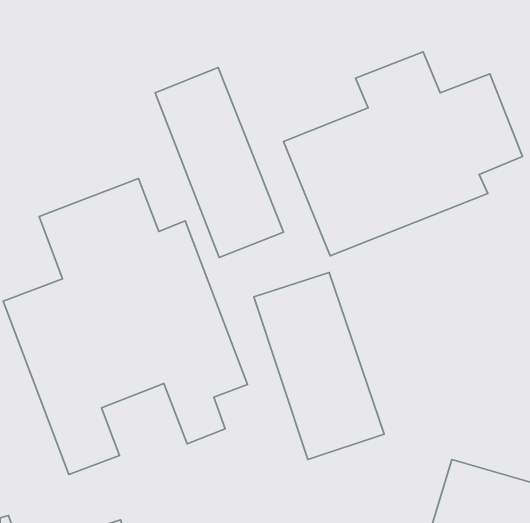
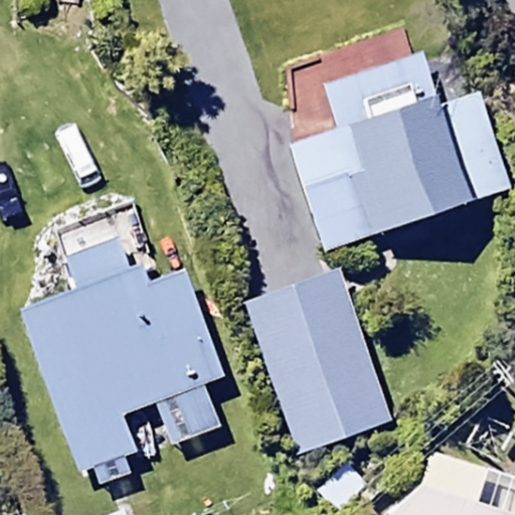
building: [155,67,284,257] -> none

